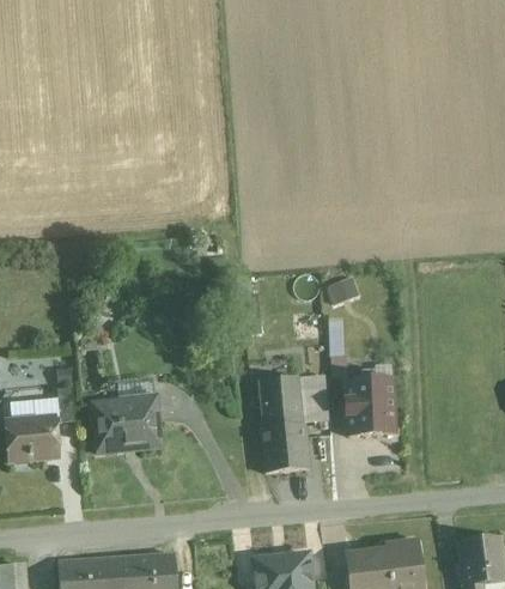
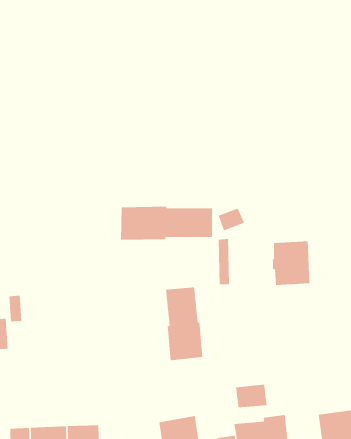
building: none -> [121,206,212,241]
building: [346,377,395,435] -> [272,241,310,285]
building: [93,399,163,456] -> none
building: none -> [235,384,267,408]

